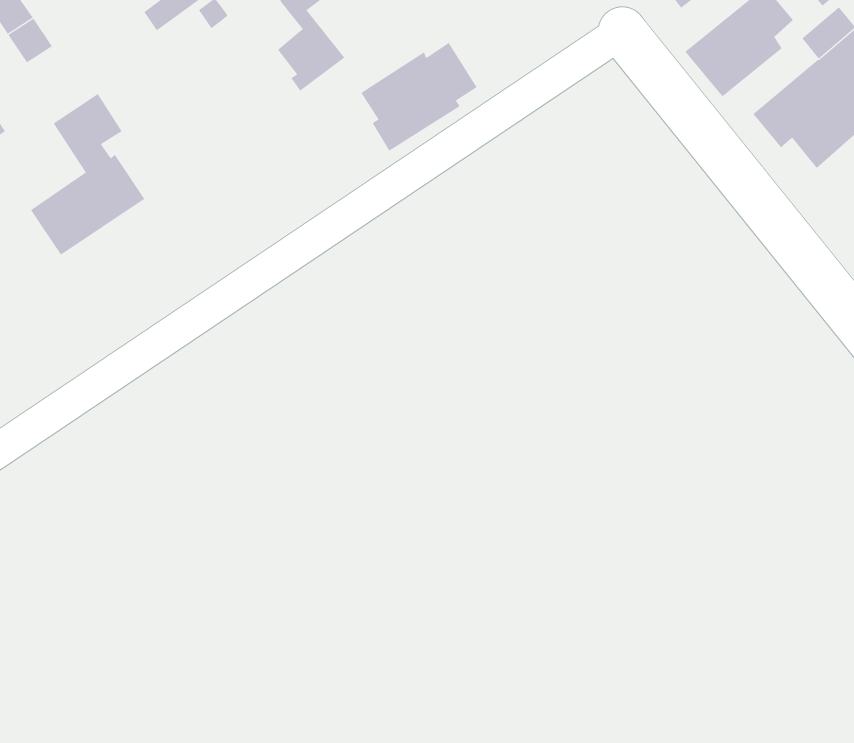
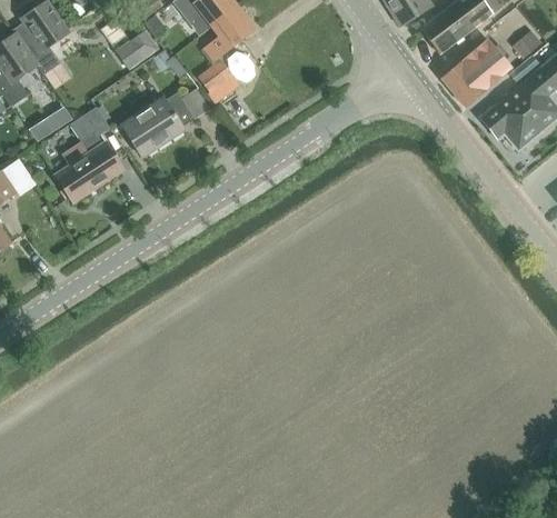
building: [361,42,477,151] -> [126,90,195,155]

